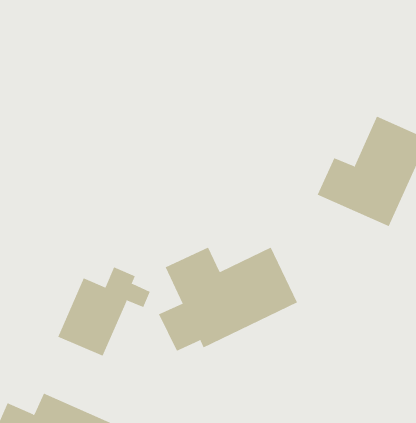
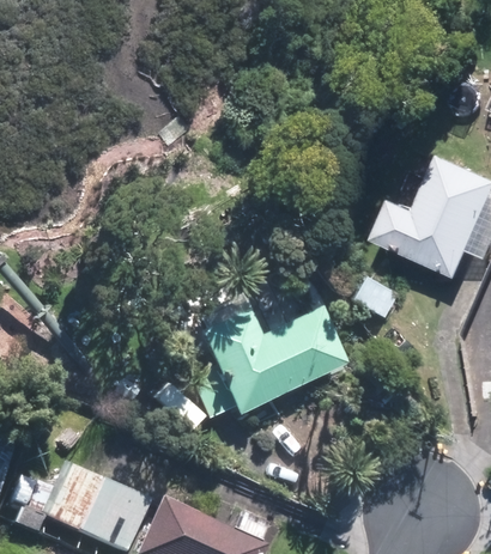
building: [57,266,150,357] -> none

